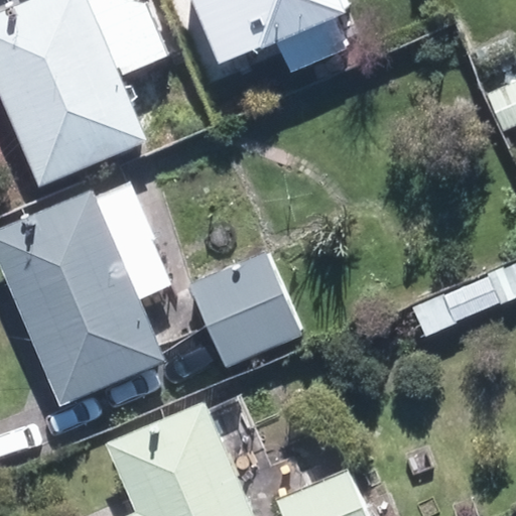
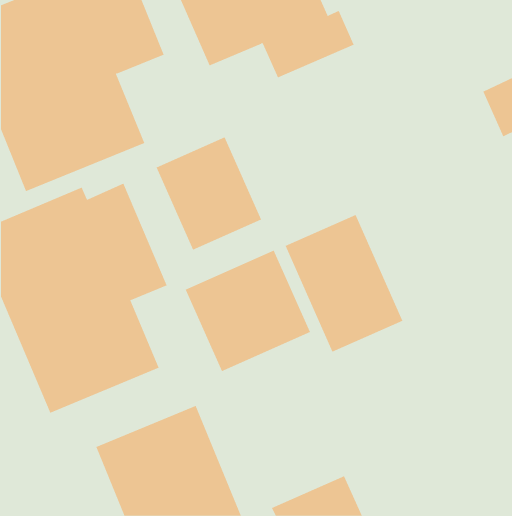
building: none -> [156,137,262,250]
building: none -> [285,214,403,353]

